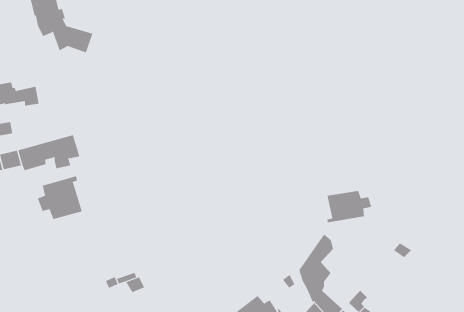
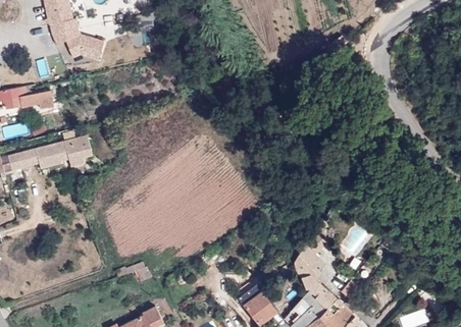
building: [37,175,83,220] -> none
building: [327,190,372,223] -> none

